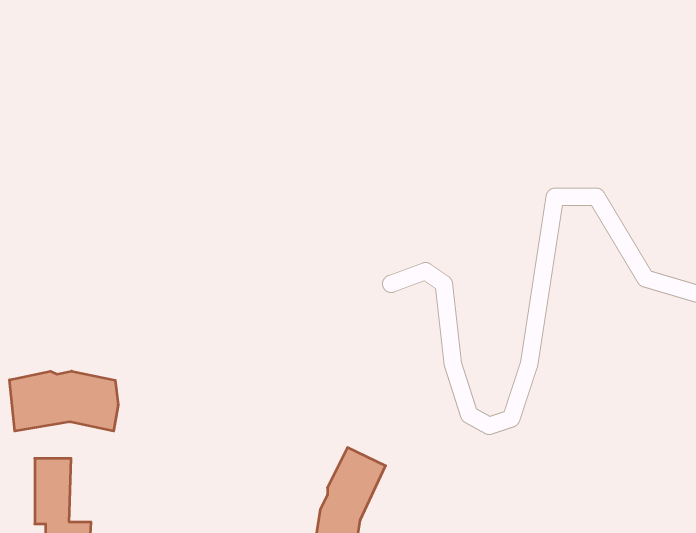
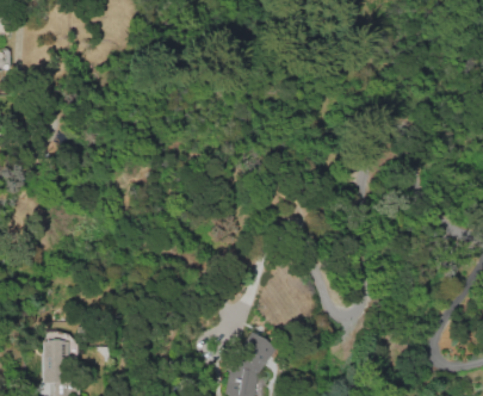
building: [10,371,118,431] -> none

